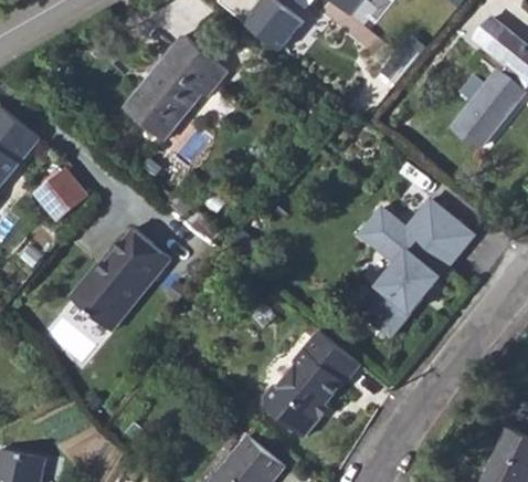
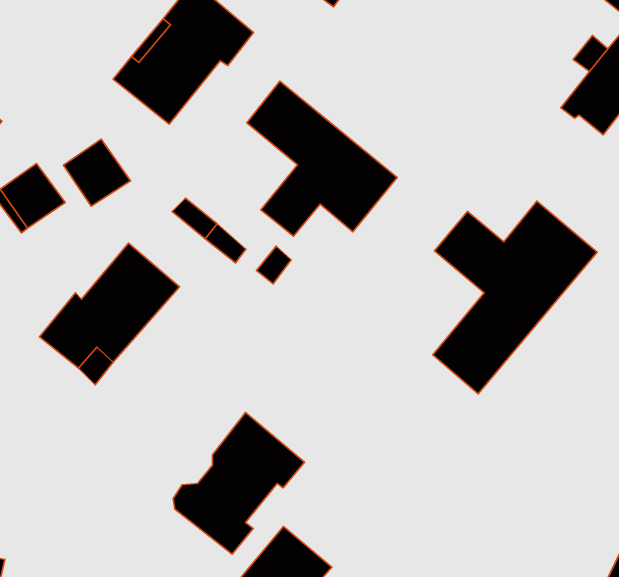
building: none -> [247,81,397,236]
building: none -> [63,139,130,206]
building: [266,329,362,433] -> [173,413,304,554]

